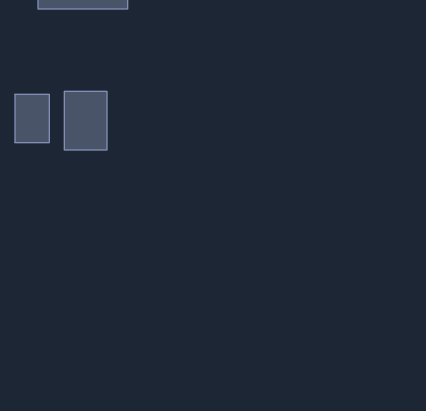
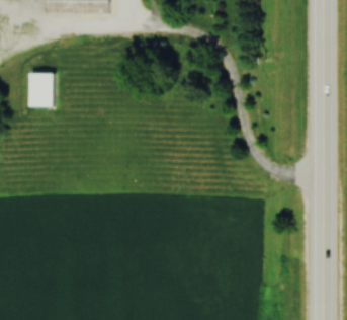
building: [64,91,107,150] -> none

